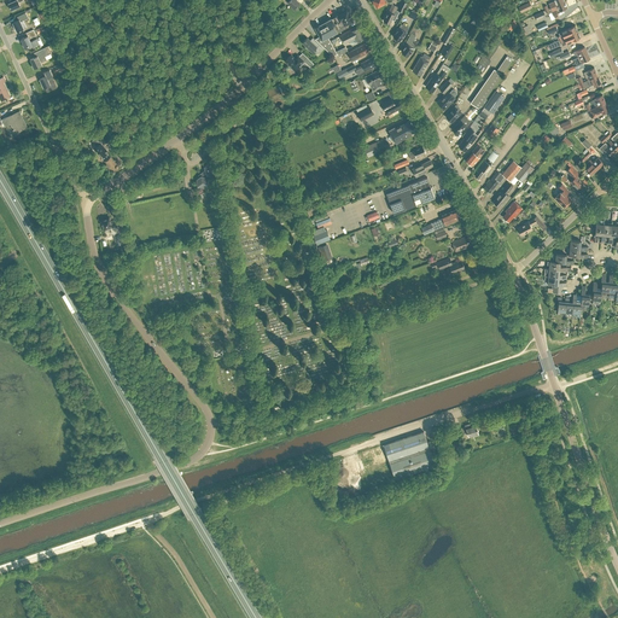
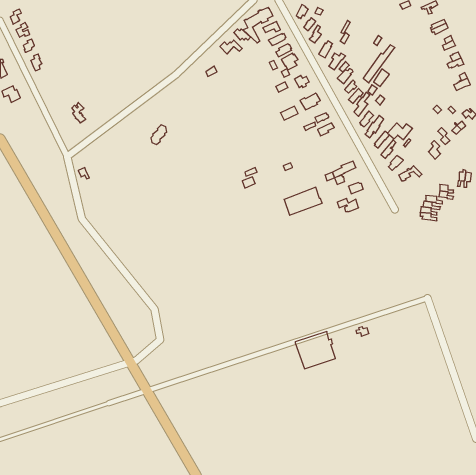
building: [386,177,436,214] -> [284,187,322,215]

